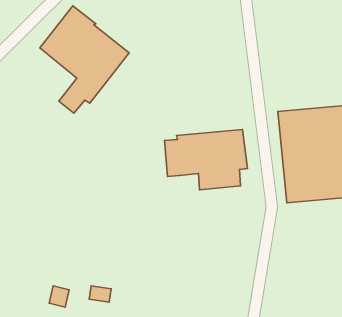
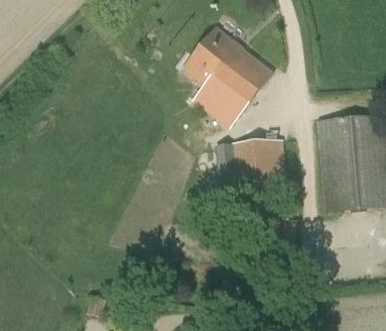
building: [40,6,129,113] -> [182,25,272,133]

